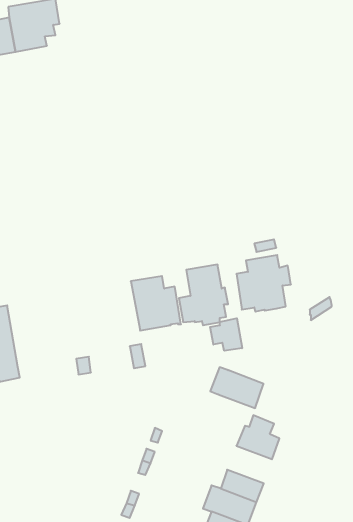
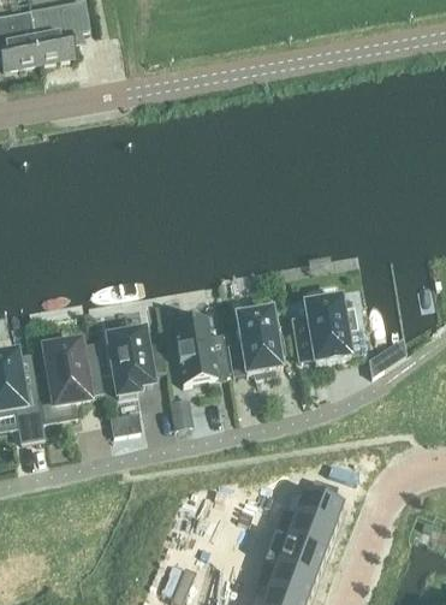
building: none -> [108,328,165,392]
building: none -> [44,339,101,404]
building: [210,318,242,351] -> none
building: [210,367,264,408] -> [273,510,334,557]

